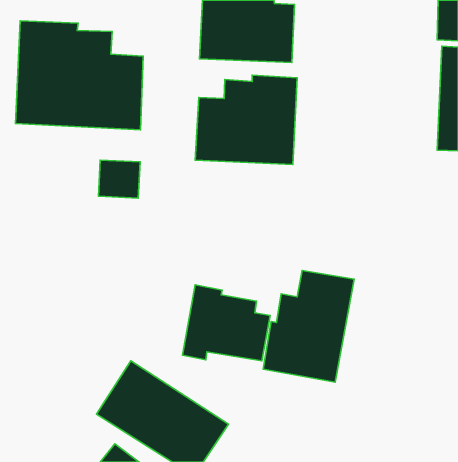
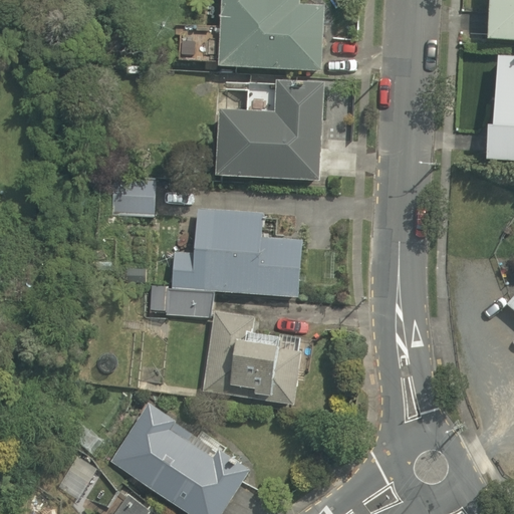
building: [16,21,143,130] -> none
building: none -> [144,210,300,316]
building: [263,270,354,382] -> none

